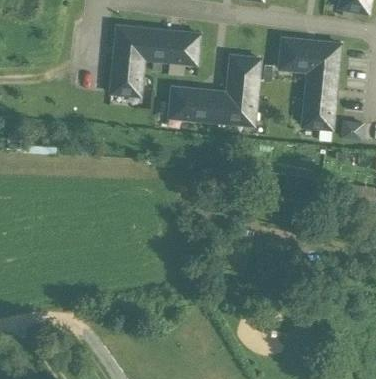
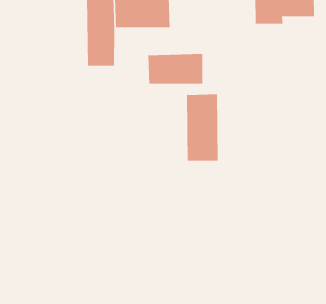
building: [223,56,260,124] -> [186,93,219,162]
building: [302,64,338,129] -> none

